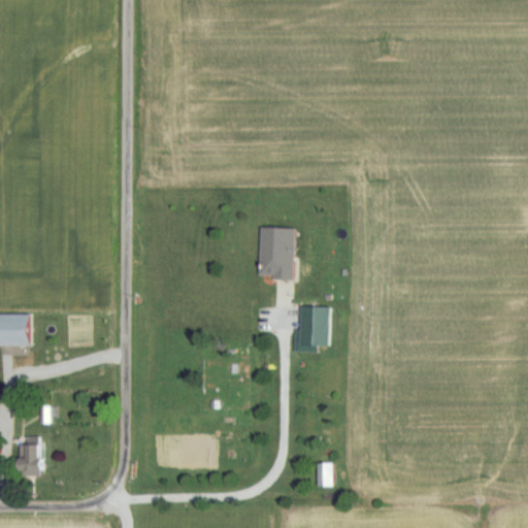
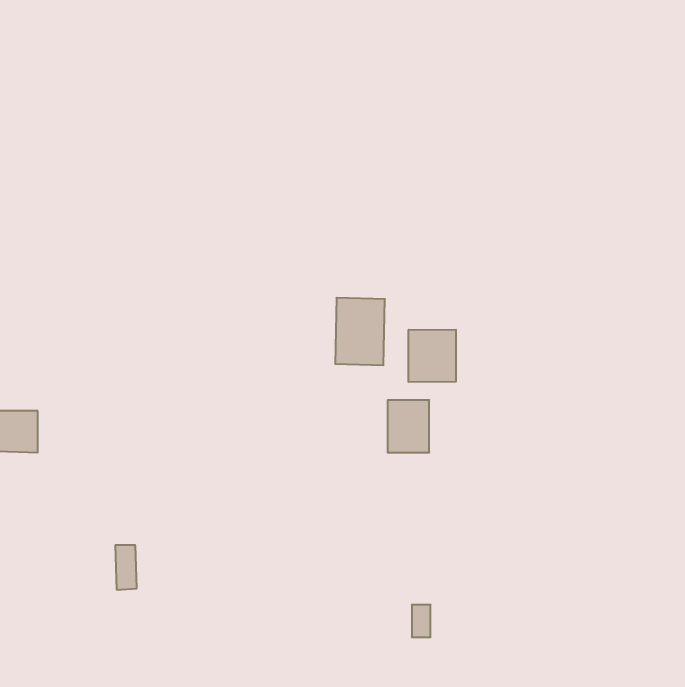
building: none -> [409,330,456,382]
building: [24,437,40,471] -> [115,545,137,590]

